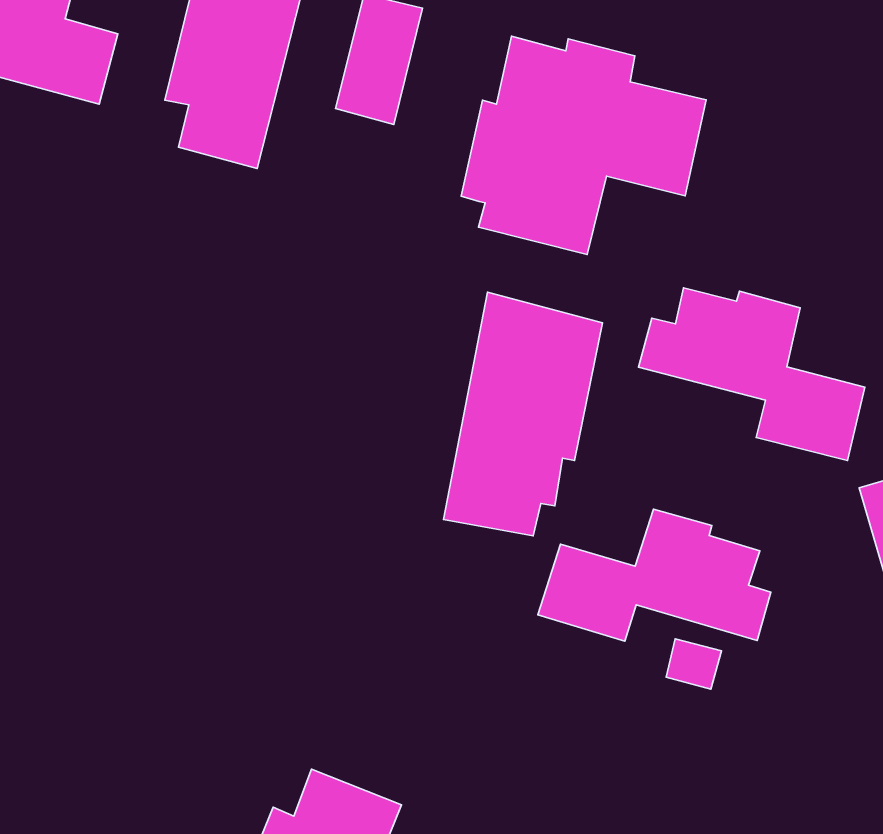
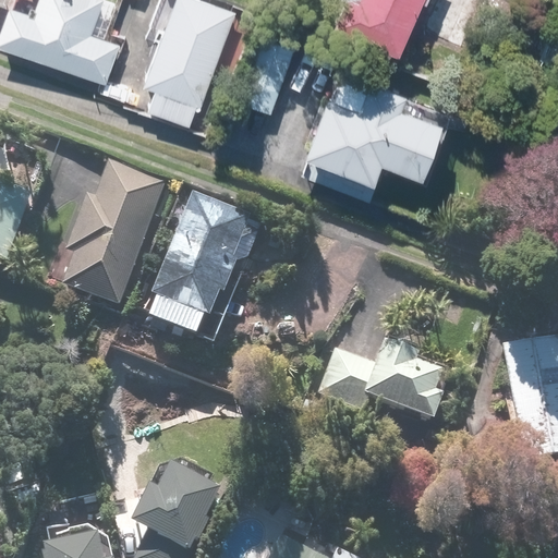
building: none -> [60,161,167,307]
building: [638,288,865,460] -> none
building: [443,292,602,536] -> [149,194,252,333]

